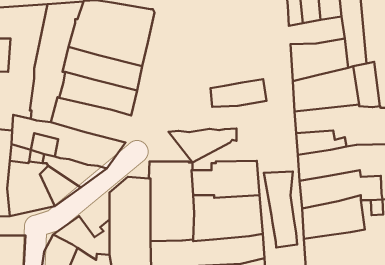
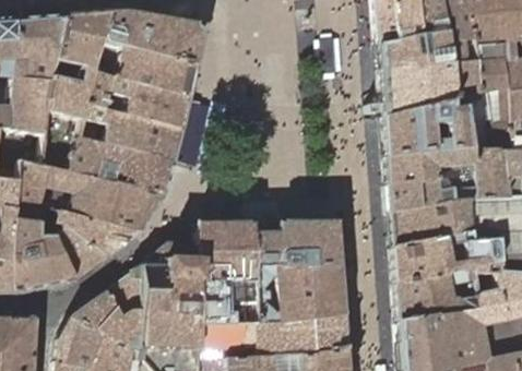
building: [210,79,266,107] -> [379,33,452,69]
building: none -> [69,137,174,196]
building: [169,129,237,162] -> none
building: [264,171,297,248] -> none
building: none -> [106,262,145,320]

